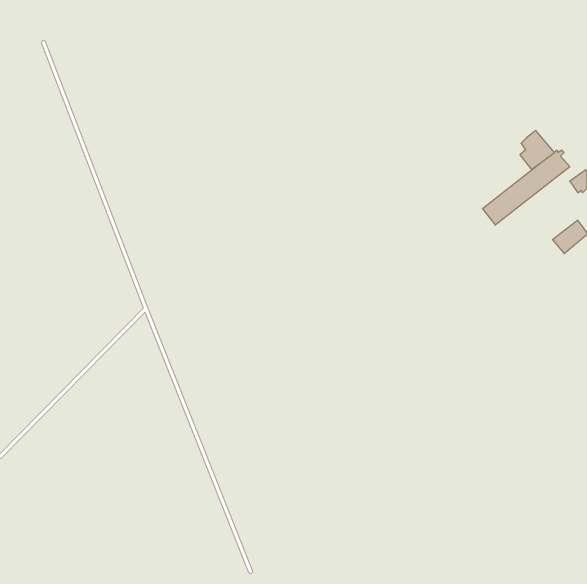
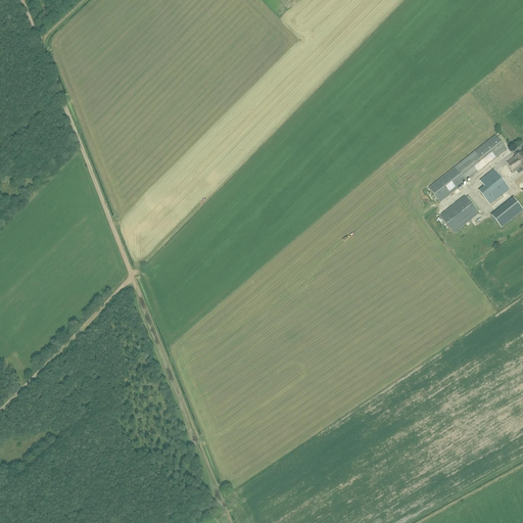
building: [520,131,554,170] -> [479,168,510,202]
building: none -> [439,194,478,232]

